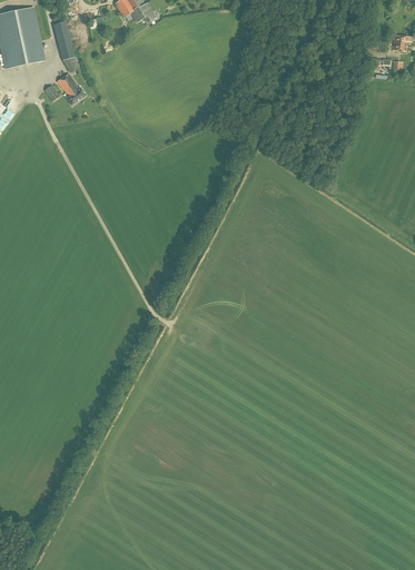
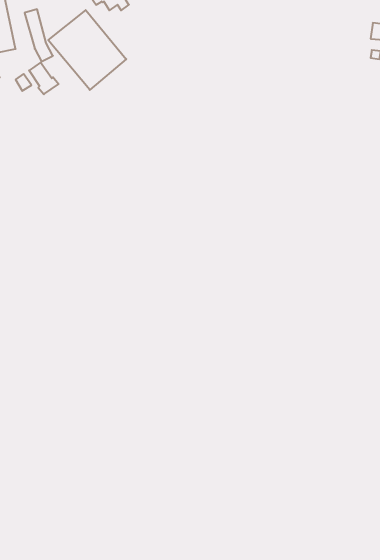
building: none -> [48,10,126,90]

